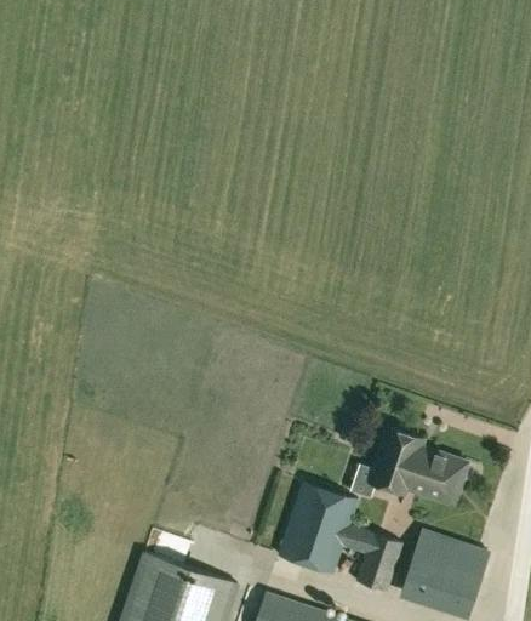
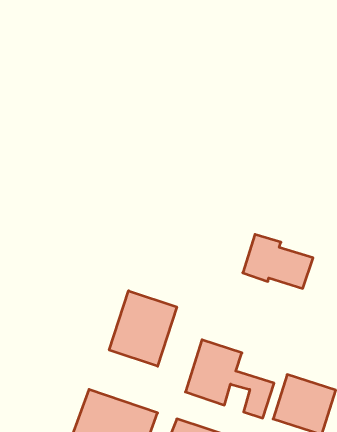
building: none -> [109,291,177,366]
building: [370,429,468,505] -> [243,234,313,288]

